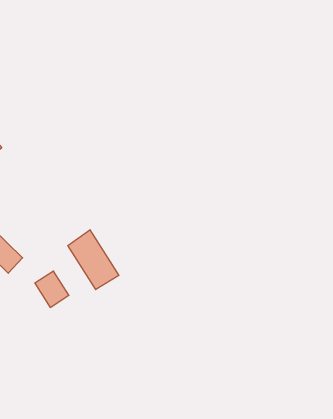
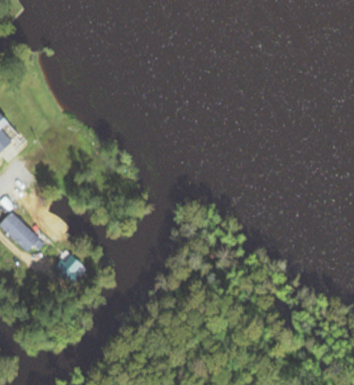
building: [68,230,119,290] -> none

